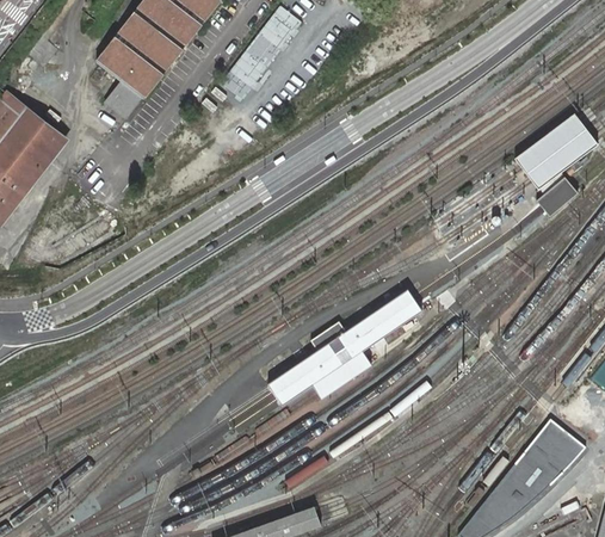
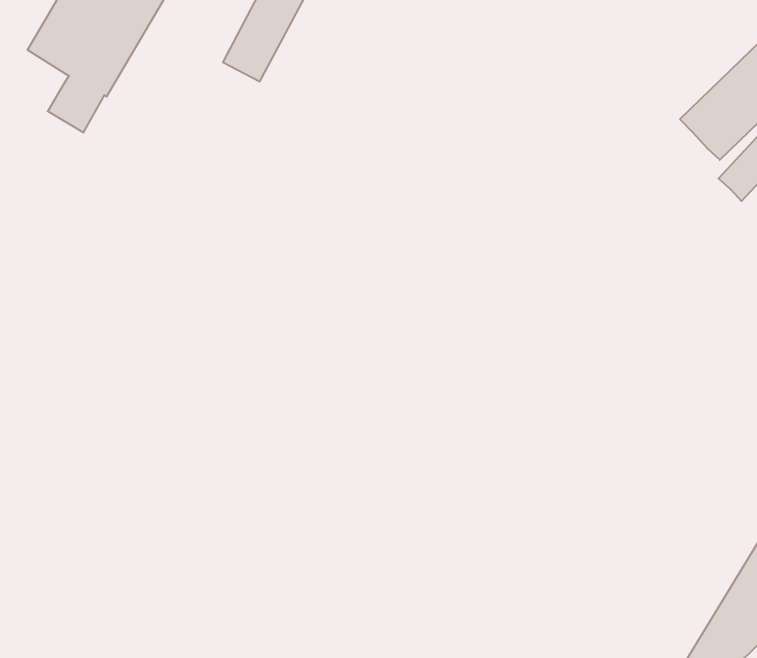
building: [268,289,422,405] -> none

